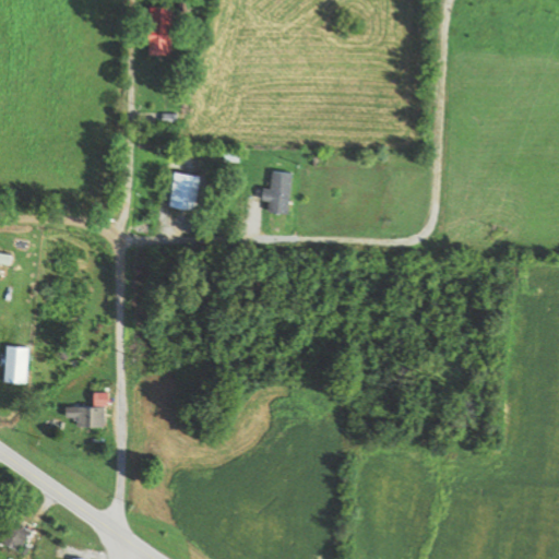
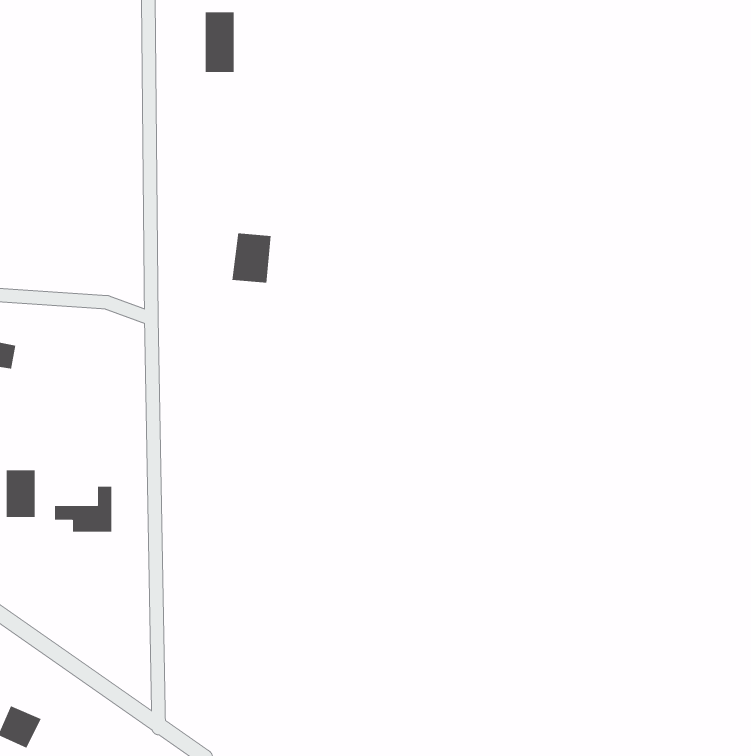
building: [266,173,290,215] -> none
building: [62,393,105,427] -> [54,486,112,532]

